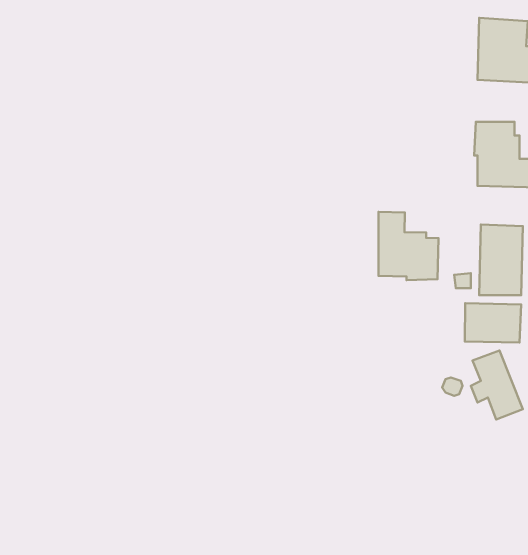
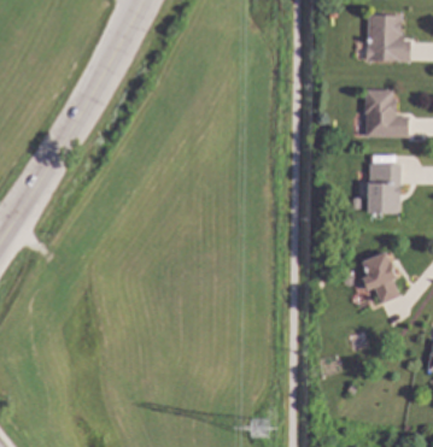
building: [378,212,439,280] -> none
building: [465,303,521,343] -> none

